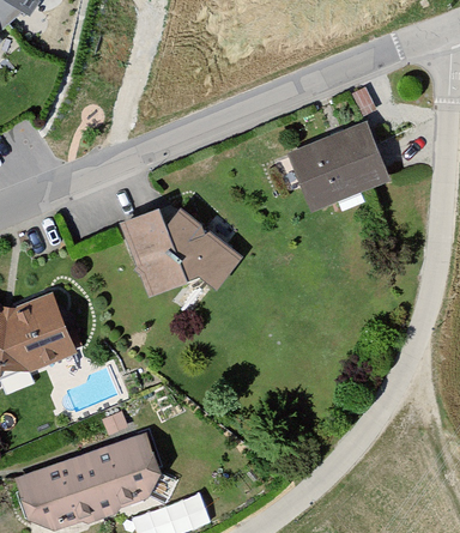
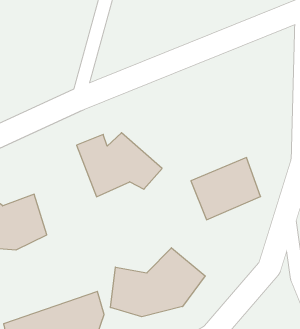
building: [286,122,387,212] -> [191,158,261,220]
building: none -> [110,248,205,317]

